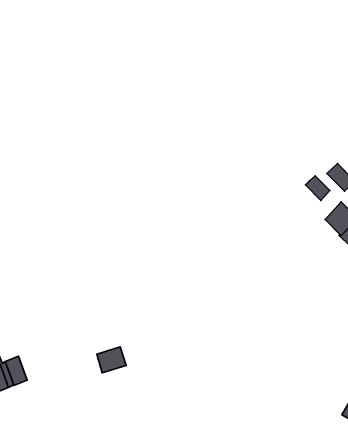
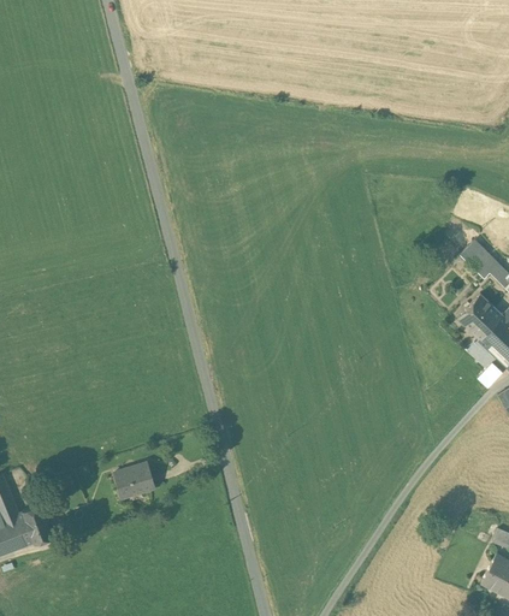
building: [305,176,330,200] -> none
building: [97,347,126,373] -> [114,462,154,497]

